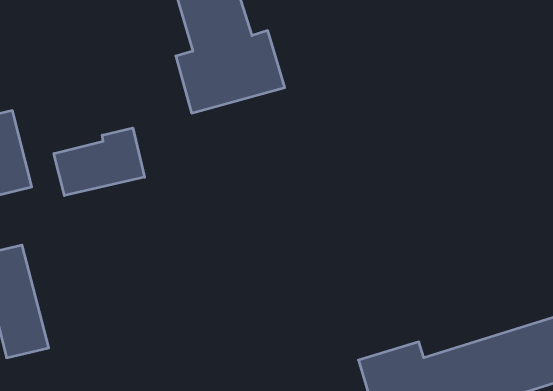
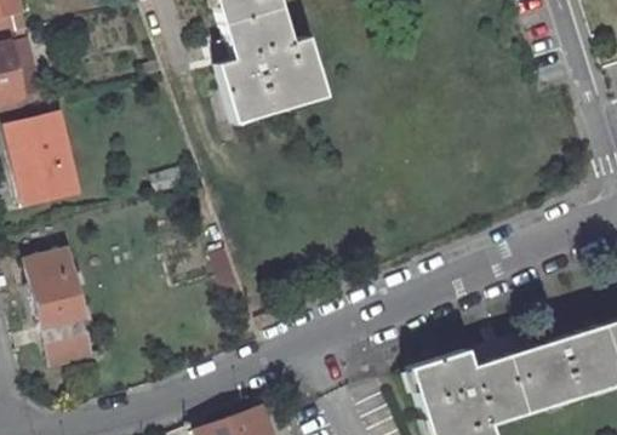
building: [54,128,145,196] -> none

